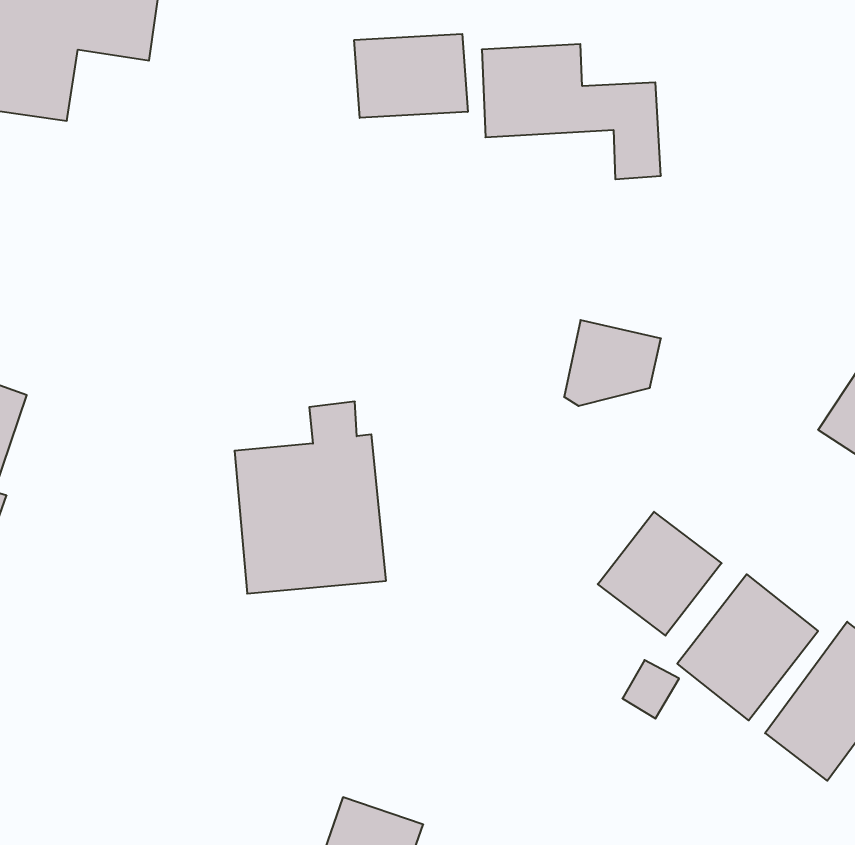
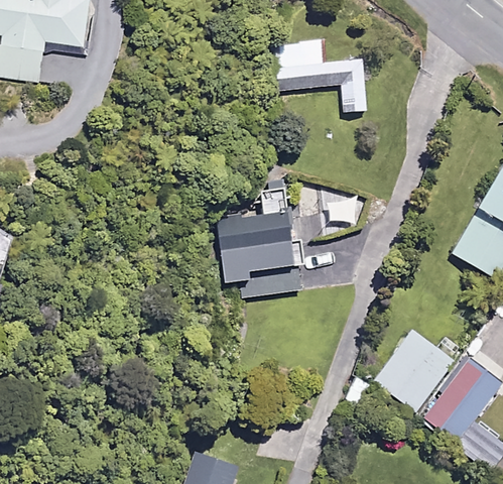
building: [354,34,468,118] -> none
building: [234,402,386,594] -> [216,192,299,297]
building: [598,512,722,636] -> none

